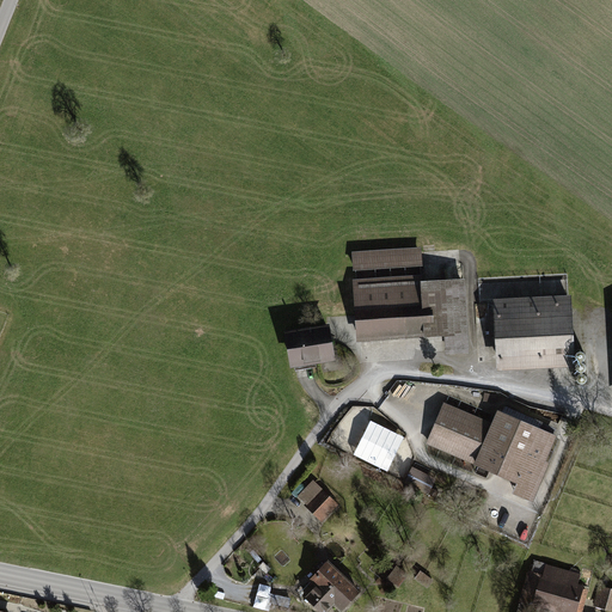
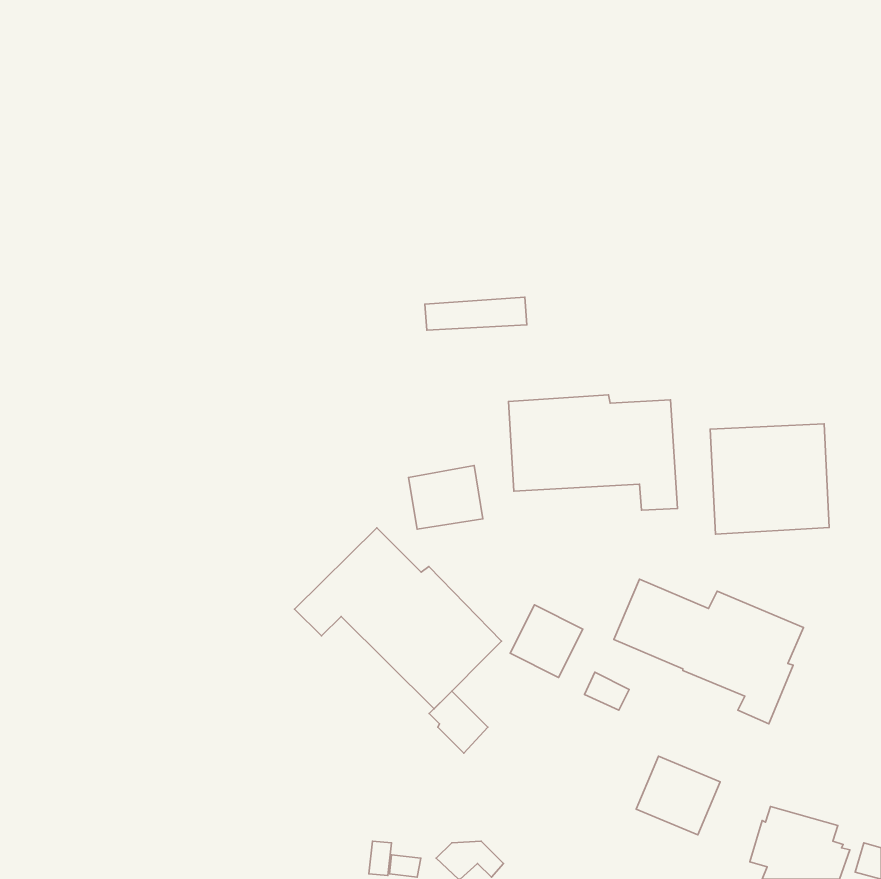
building: [351,246,422,269] -> [425,297,527,330]
building: none -> [294,528,502,709]
building: none -> [636,756,720,835]
building: [306,558,359,599] -> none

